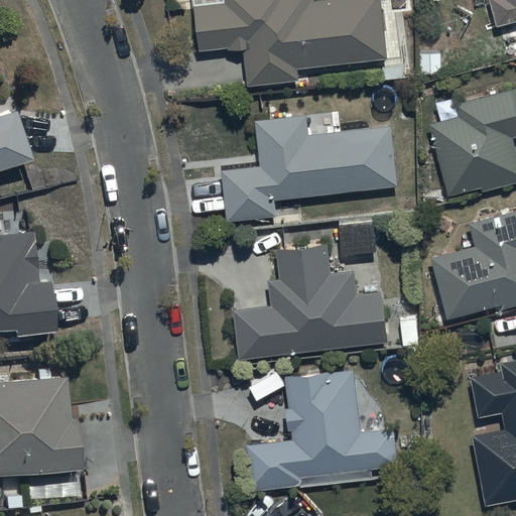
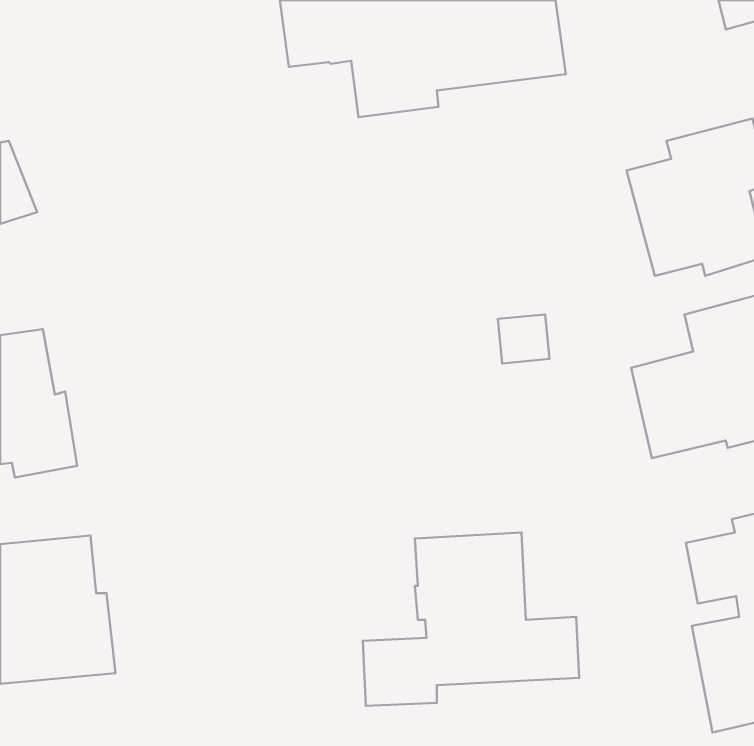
building: [219,117,398,224] -> none
building: [233,242,388,359] -> none

